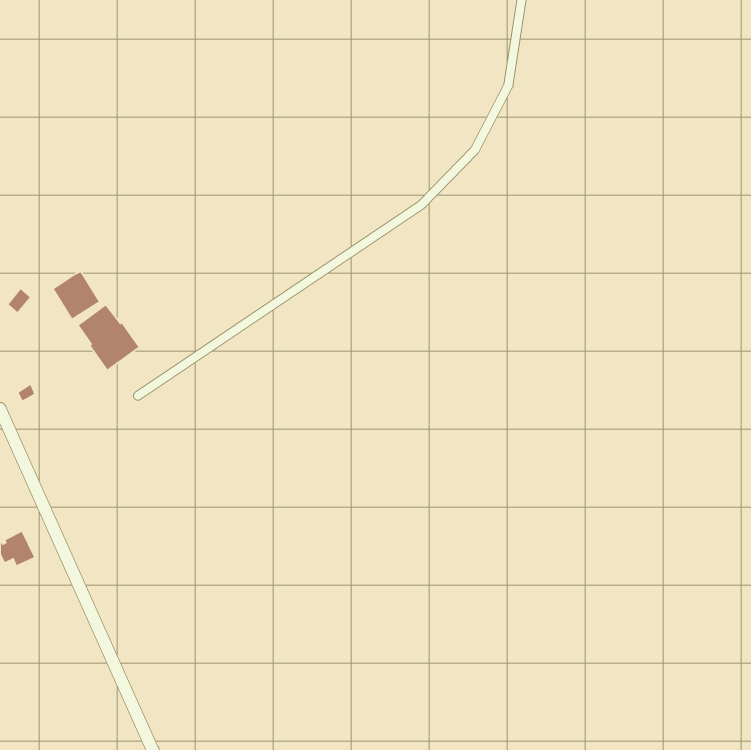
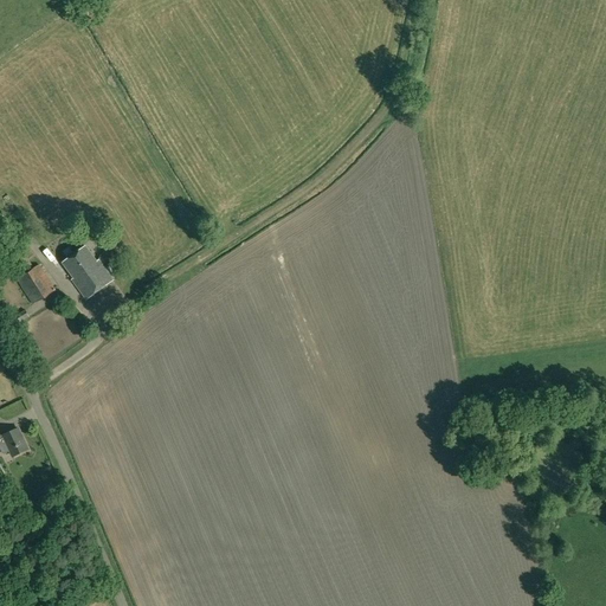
building: [53,271,100,320] -> [17,264,54,303]

